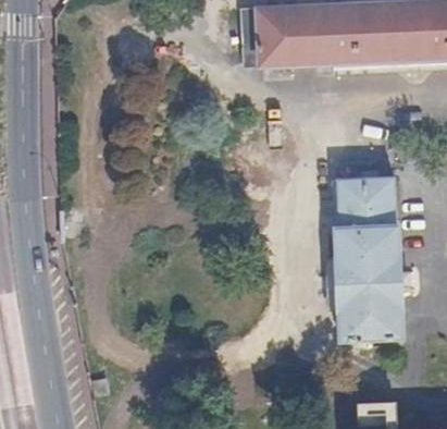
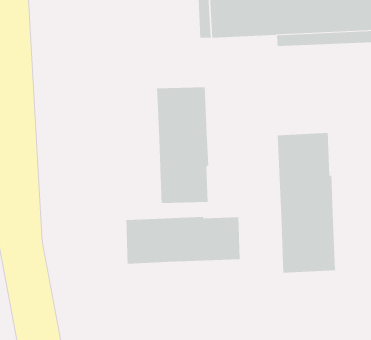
building: none -> [157,86,209,204]
building: none -> [126,216,240,264]

